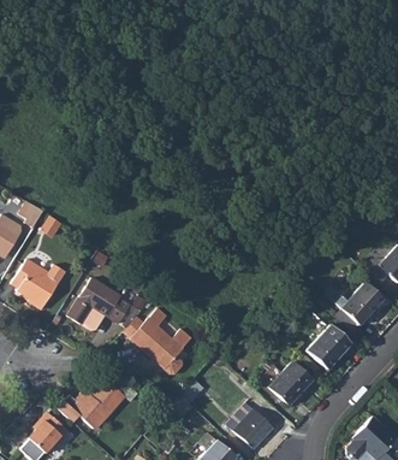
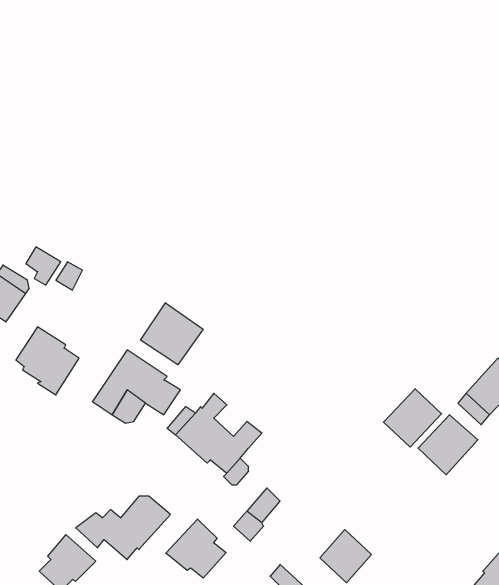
building: none -> [141,303,203,365]
building: [268,362,310,405] -> [383,389,442,447]
building: none -> [166,519,226,578]

